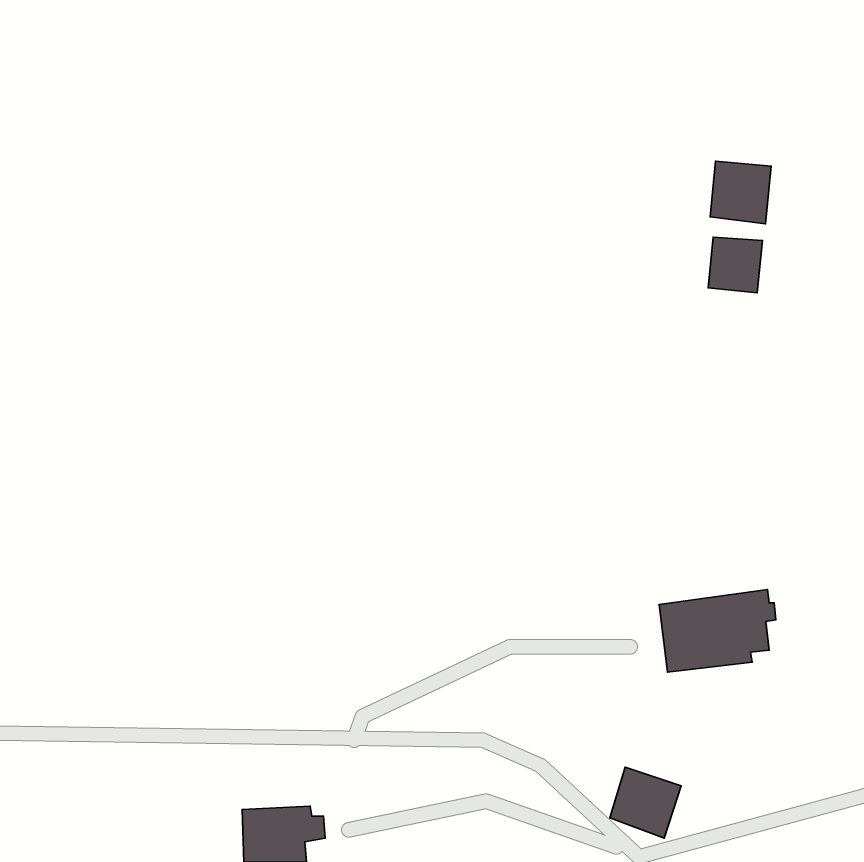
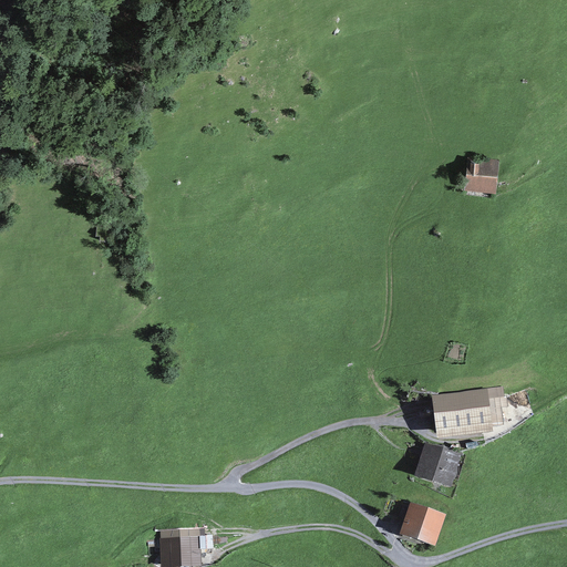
building: [710,161,771,224] -> none
building: none -> [413,442,461,488]

